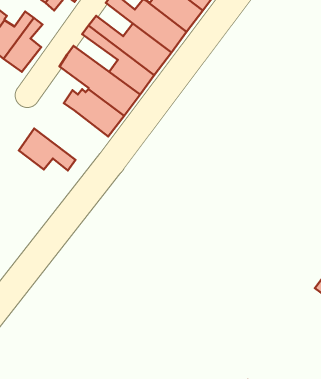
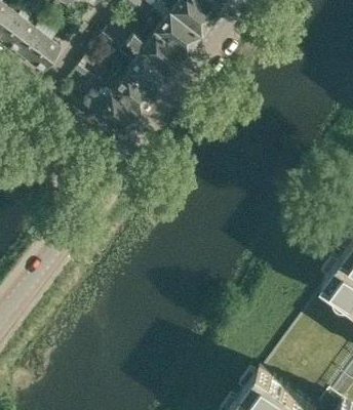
building: [19,128,76,170] -> none

